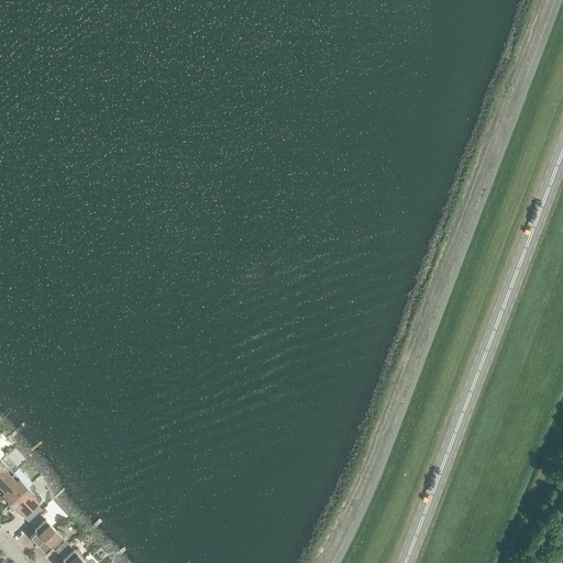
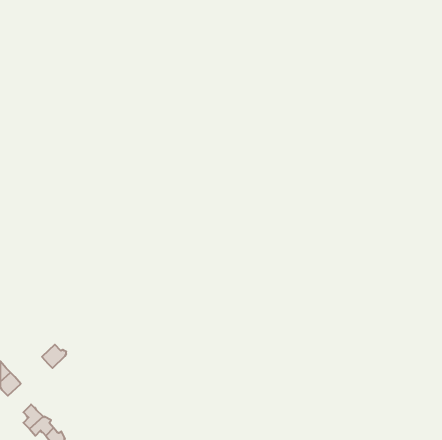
building: [10,490,41,520] -> [42,345,66,368]

